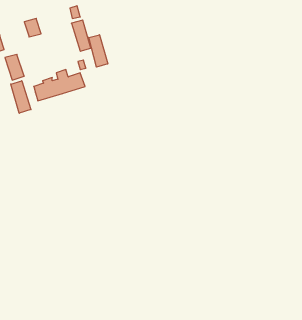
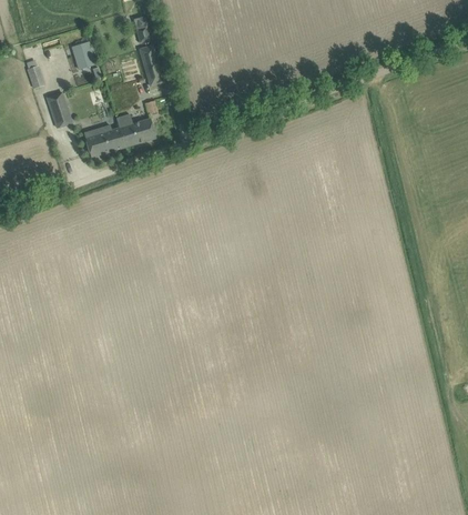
building: [89,35,108,67] -> none
building: [11,81,31,113] -> none

